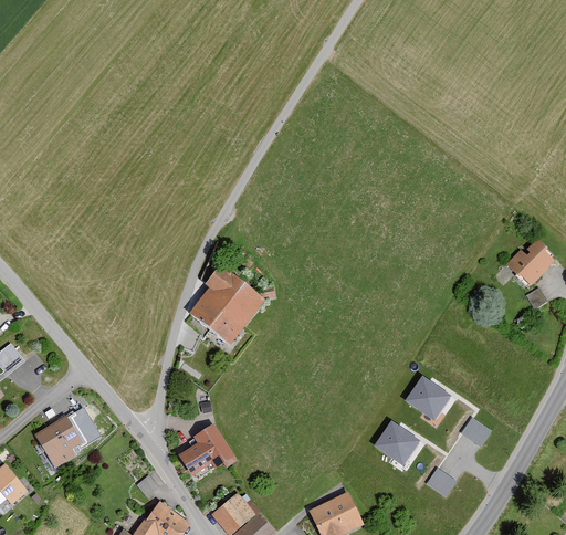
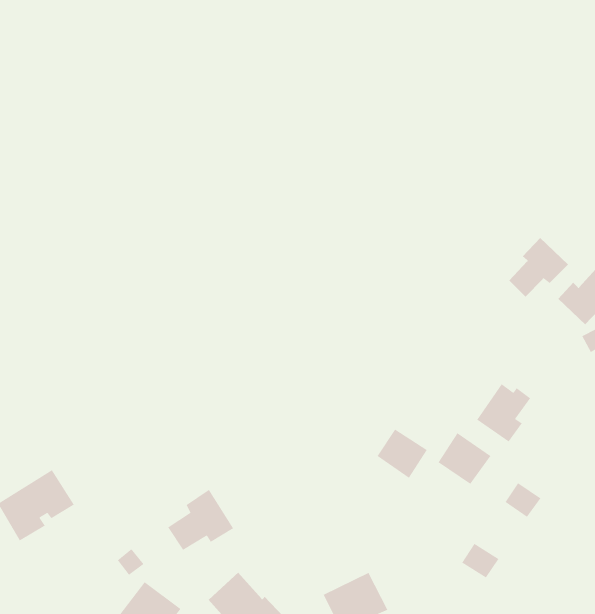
building: none -> [509,237,569,298]
building: [191,266,268,347] -> none
building: none -> [476,383,531,443]
building: [375,422,418,464] -> [376,429,428,479]

